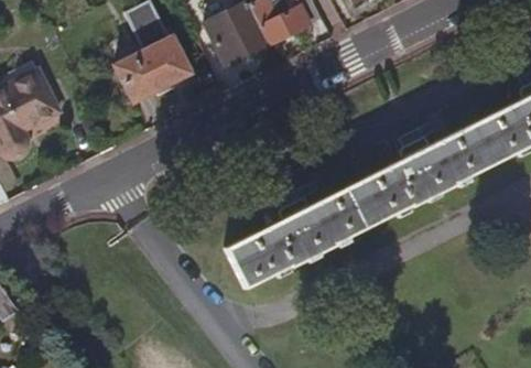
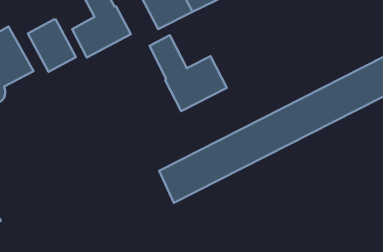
building: none -> [28,20,76,72]
building: none -> [149,35,227,111]

